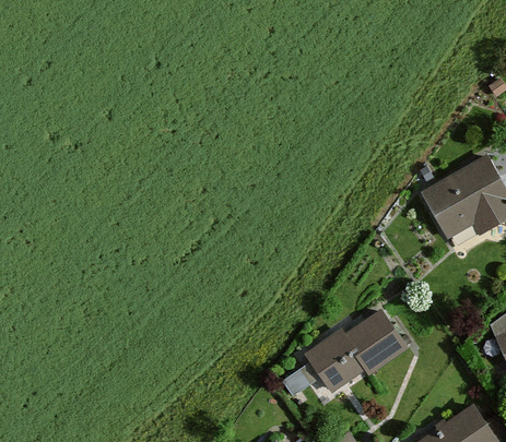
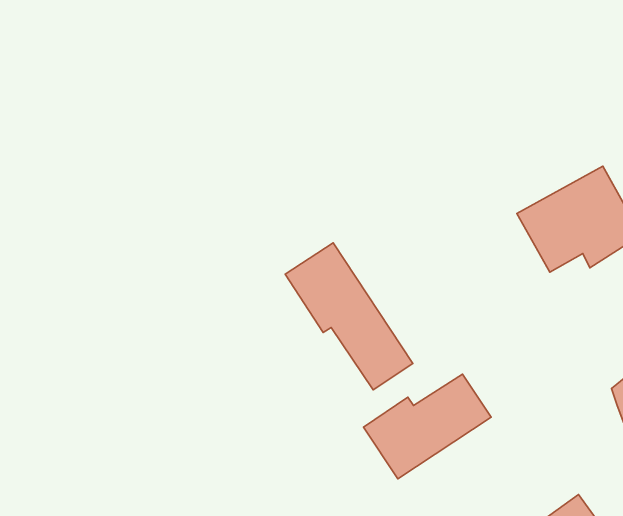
building: none -> [285,243,413,390]

